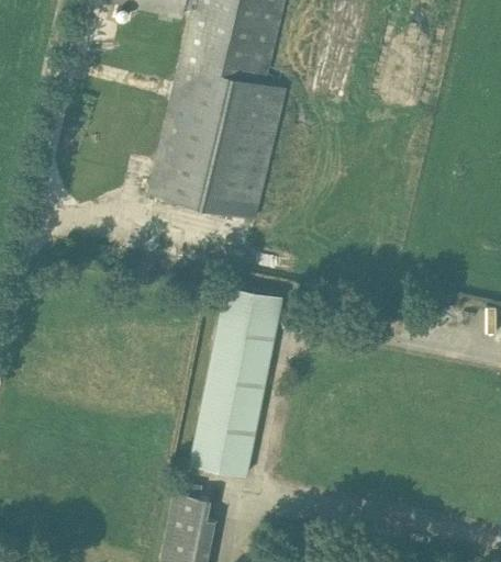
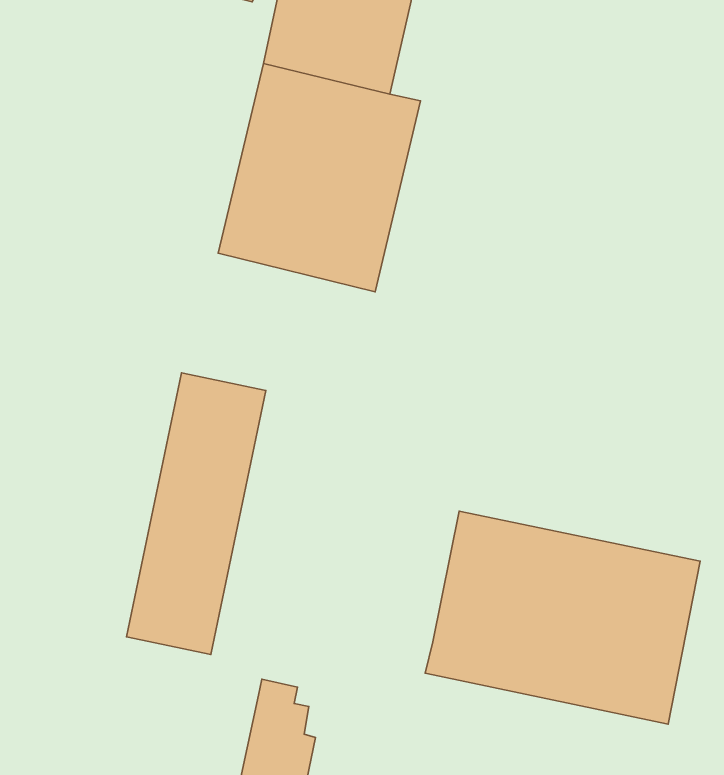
building: [189,286,283,477] -> [126,373,266,655]
building: none -> [425,511,700,724]

